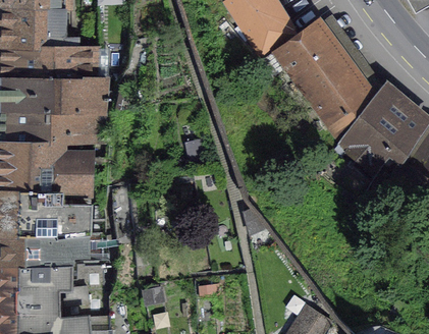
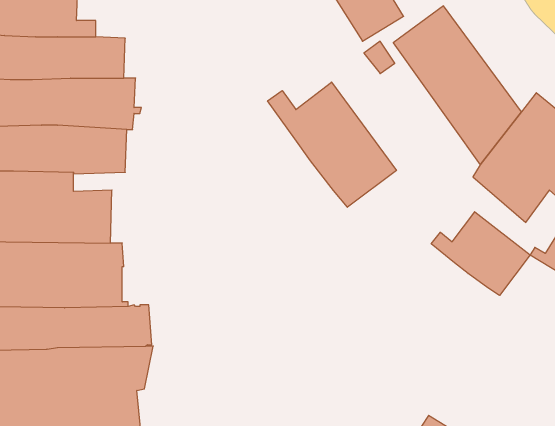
building: none -> [268,82,396,207]
building: none -> [431,212,530,295]

